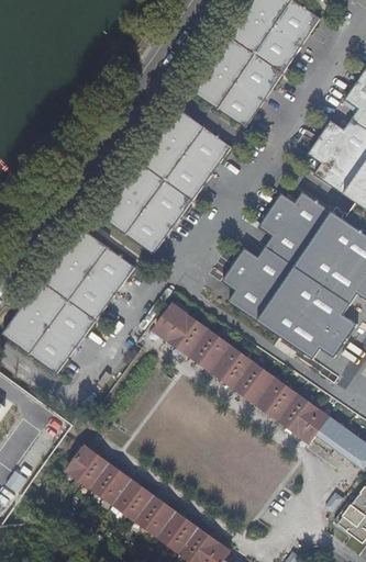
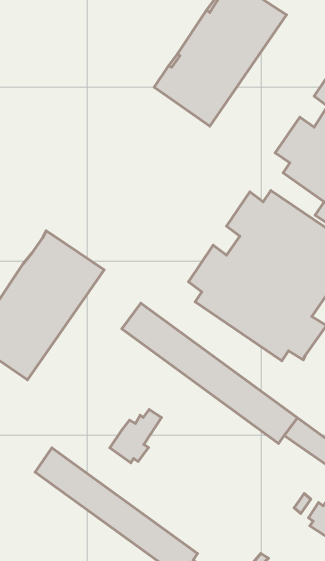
building: [98,108,231,254] -> none
building: none -> [110,410,161,463]

